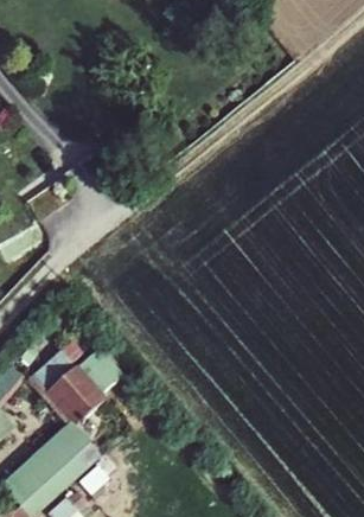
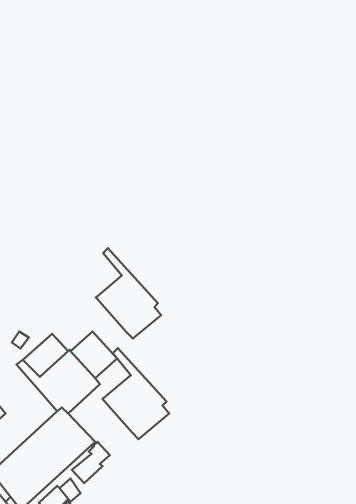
building: none -> [96,248,161,339]
building: none -> [103,348,169,439]

